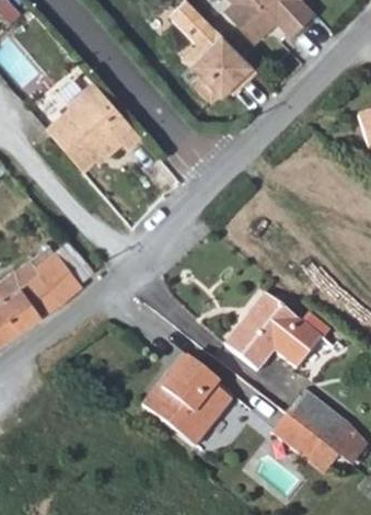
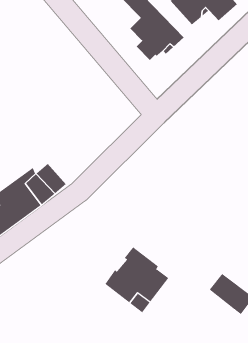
building: [49,83,143,171] -> none
building: [227,291,321,368] -> none
building: [273,412,322,458] -> none

